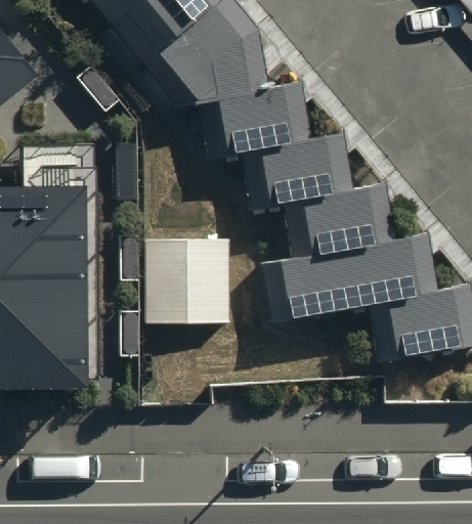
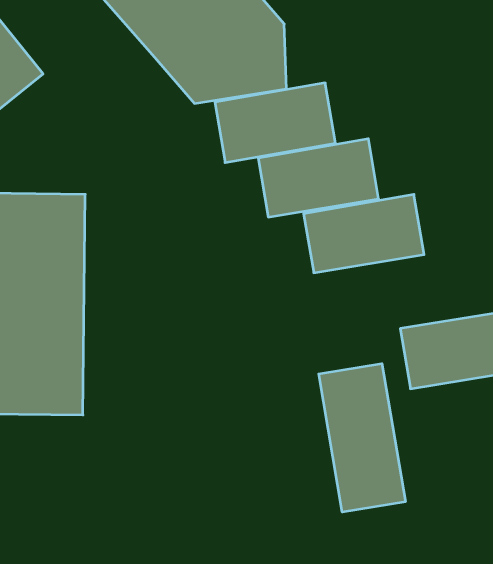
building: [267,236,432,319] -> none
building: [145,243,222,322] -> none
building: none -> [319,364,405,512]

